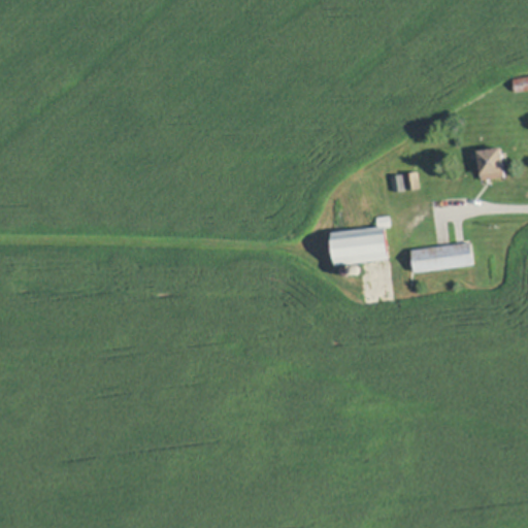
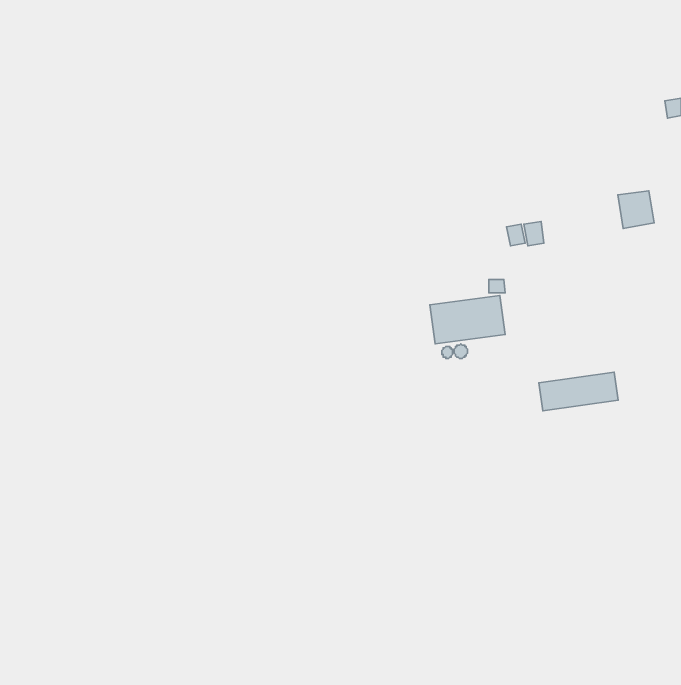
building: [409,242,470,272] -> [539,372,618,411]

